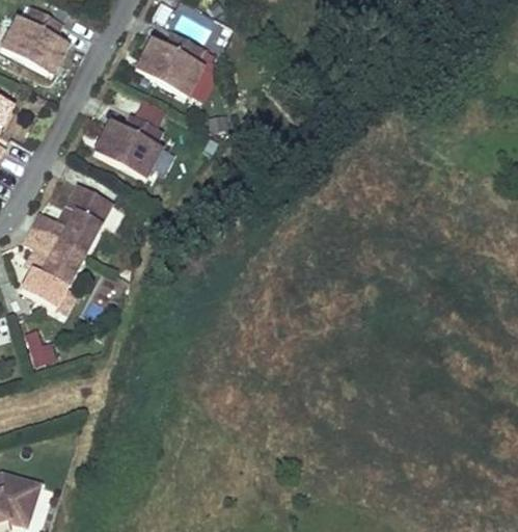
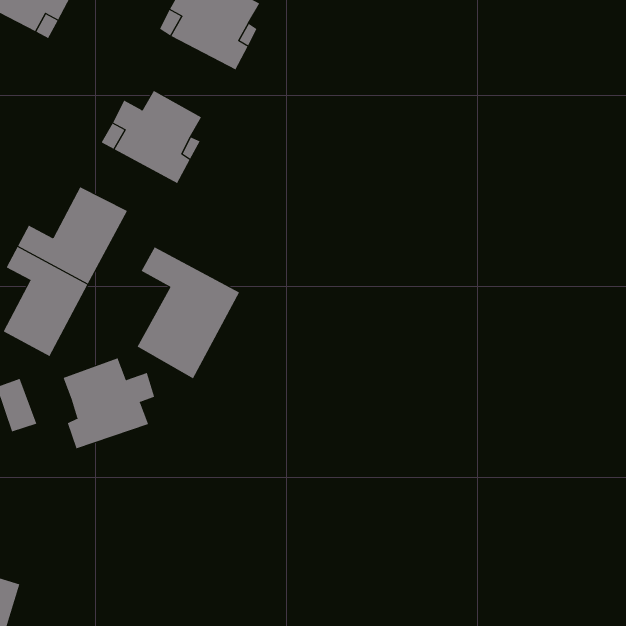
building: none -> [137,246,240,379]
building: none -> [63,358,155,449]

